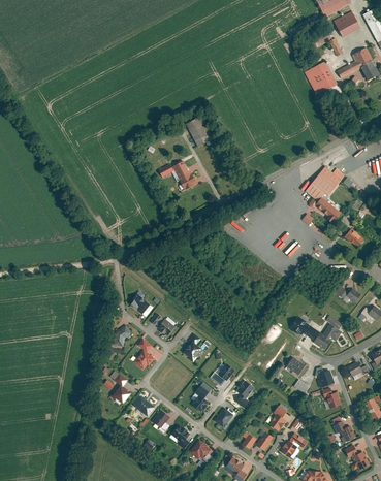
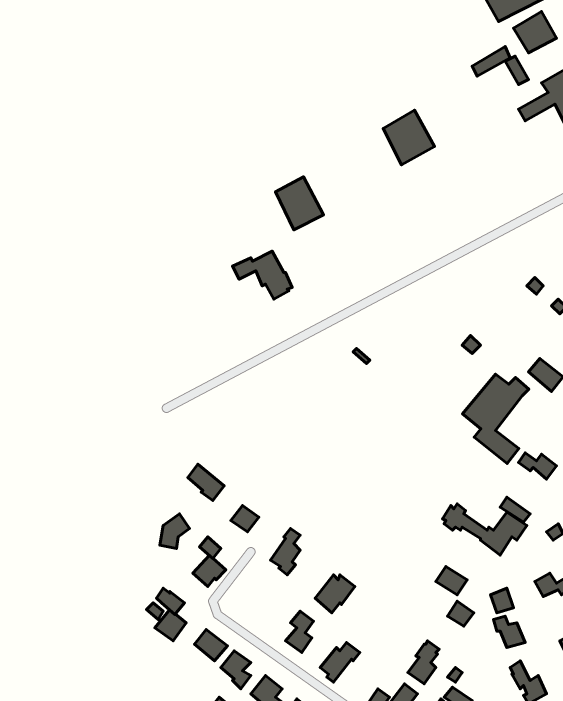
building: [306,61,338,95] -> [383,110,434,165]
building: [305,166,346,222] -> [463,374,529,463]

